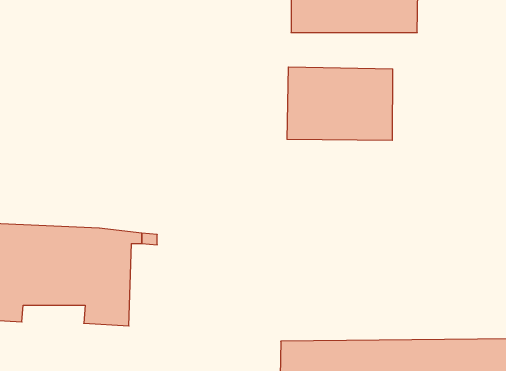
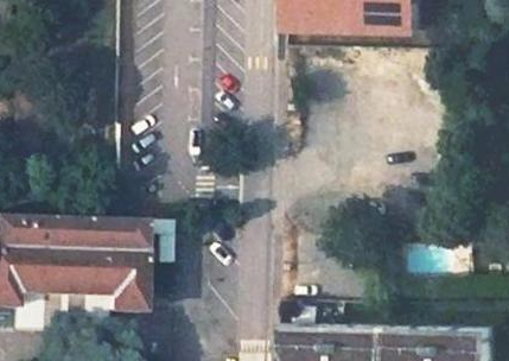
building: [287,67,393,140] -> none

